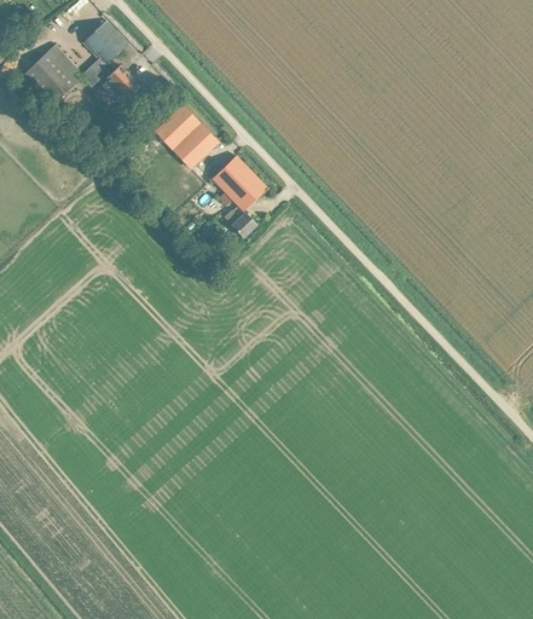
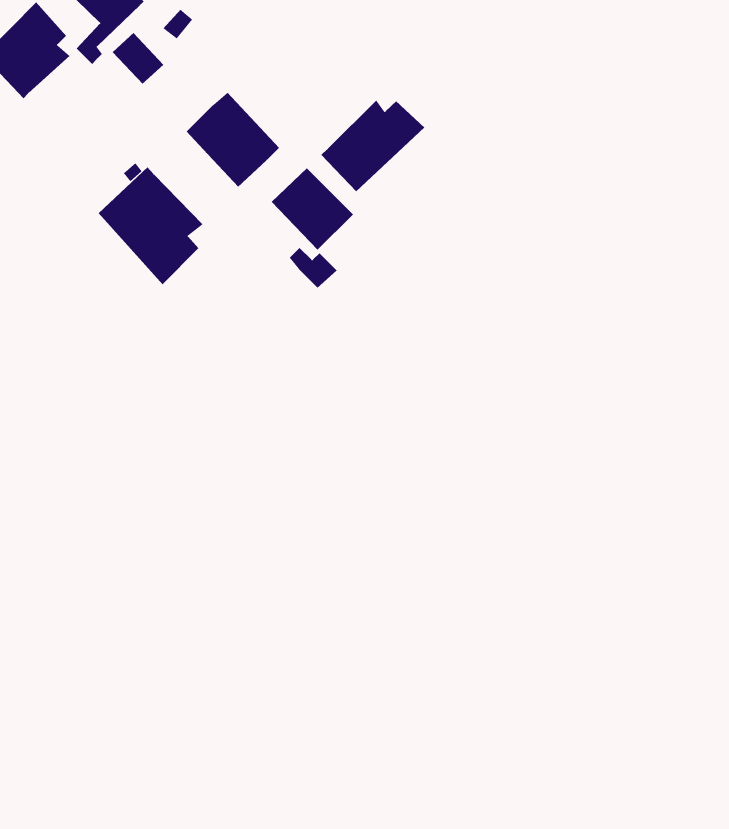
building: none -> [320,100,425,192]
building: none -> [98,167,204,285]

